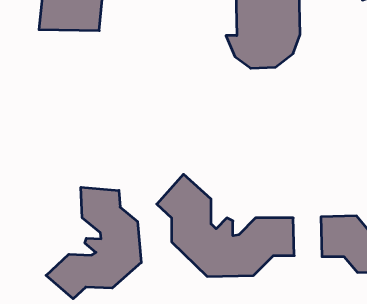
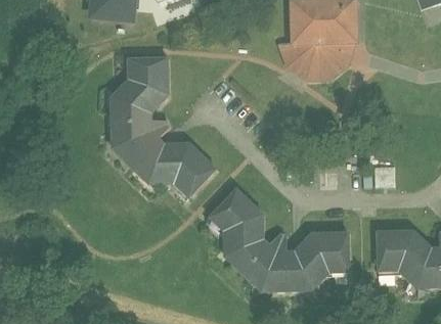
building: none -> [107,53,214,194]
building: [46,187,141,299] -> none

